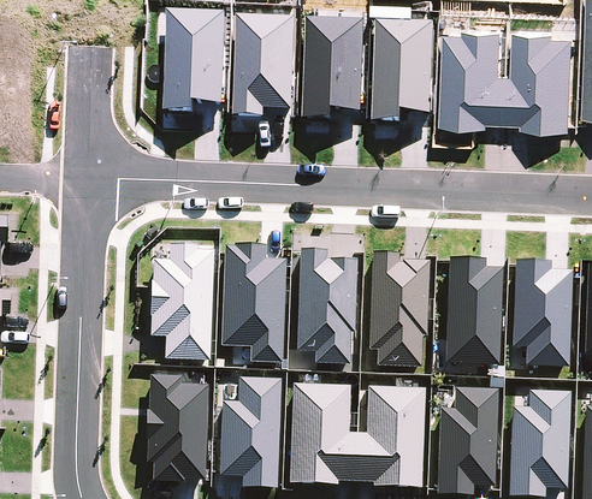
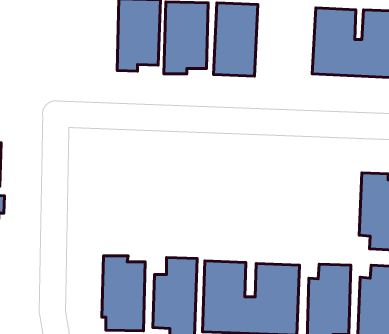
building: [373,20,434,123] -> none
building: [219,243,285,362] -> none
building: [148,244,215,361] -> none
building: [292,246,357,364] -> none
building: [366,250,428,367] -> none
building: [444,256,502,364] -> none

